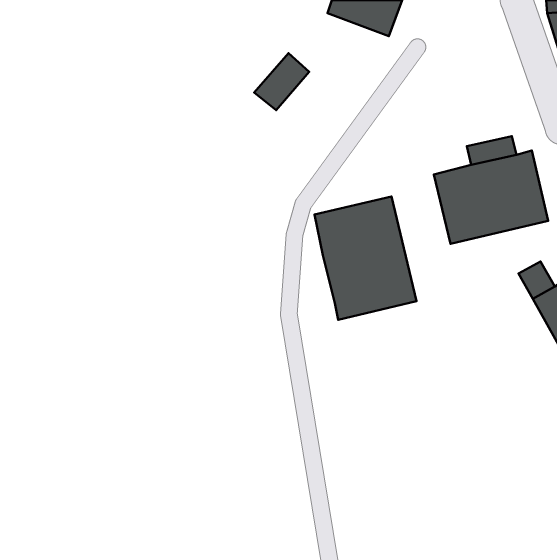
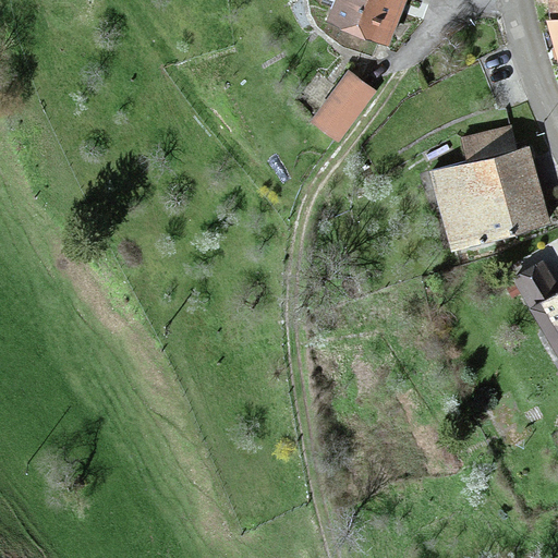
building: [254,53,309,110] -> [317,75,372,132]
building: [314,197,416,320] -> none

